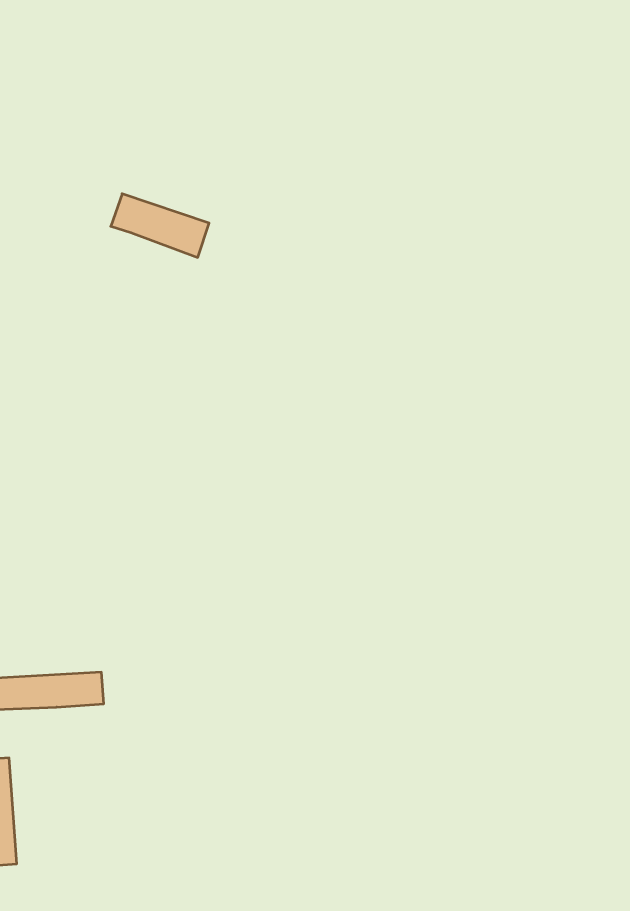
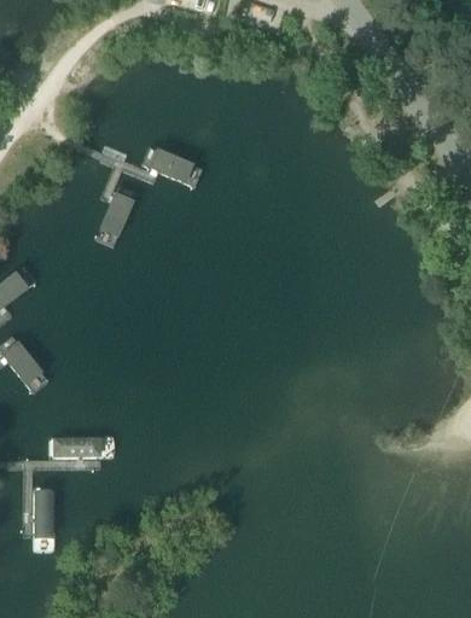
building: none -> [94,181,140,245]

